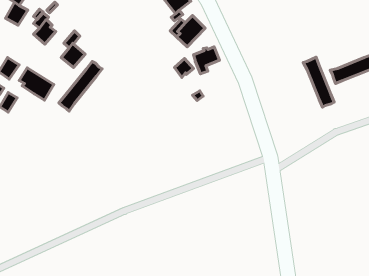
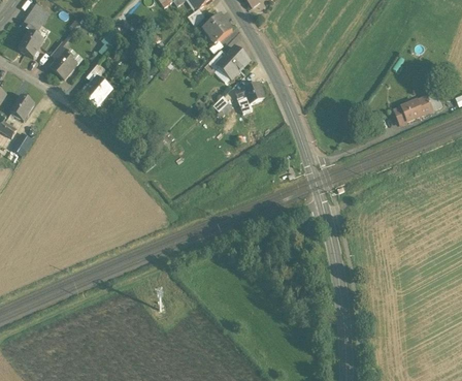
building: [303,57,334,107] -> none
building: [59,61,102,111] -> none
building: [19,68,54,100] -> none

